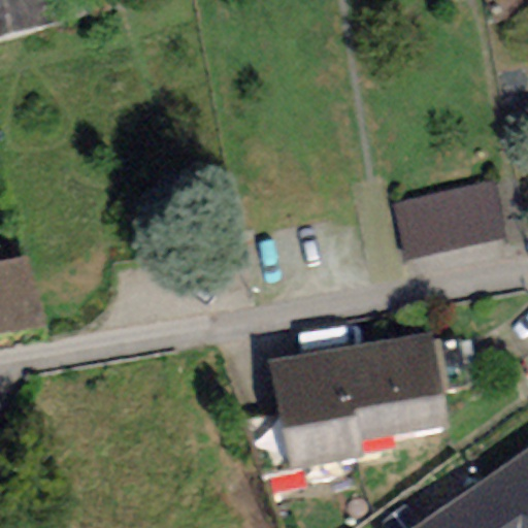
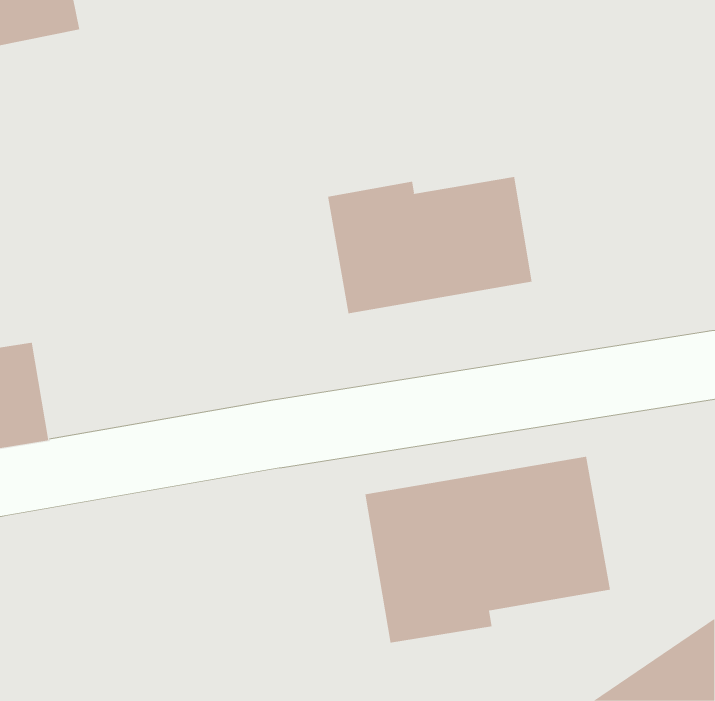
building: none -> [328,176,532,314]
building: [394,174,505,249] -> none

